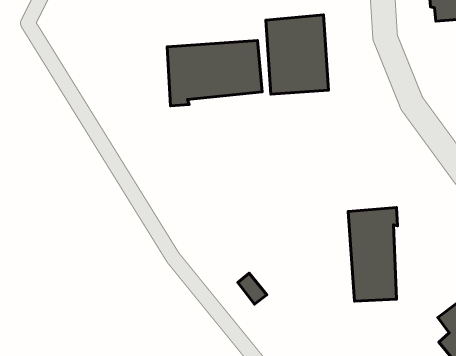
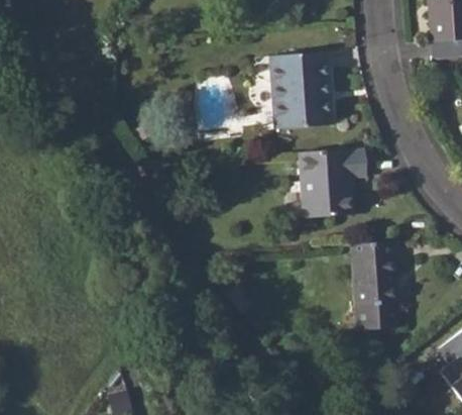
building: [167,40,262,106] -> none
building: none -> [301,149,365,218]

